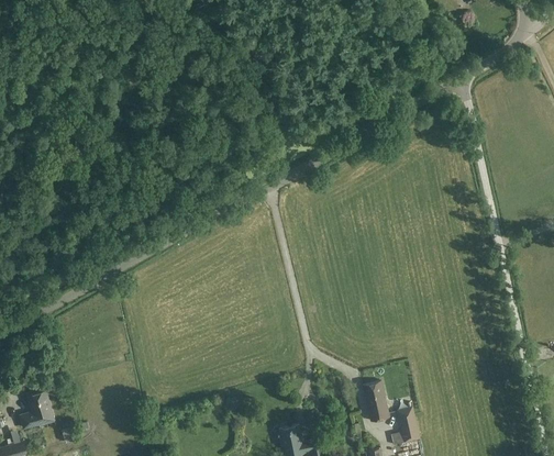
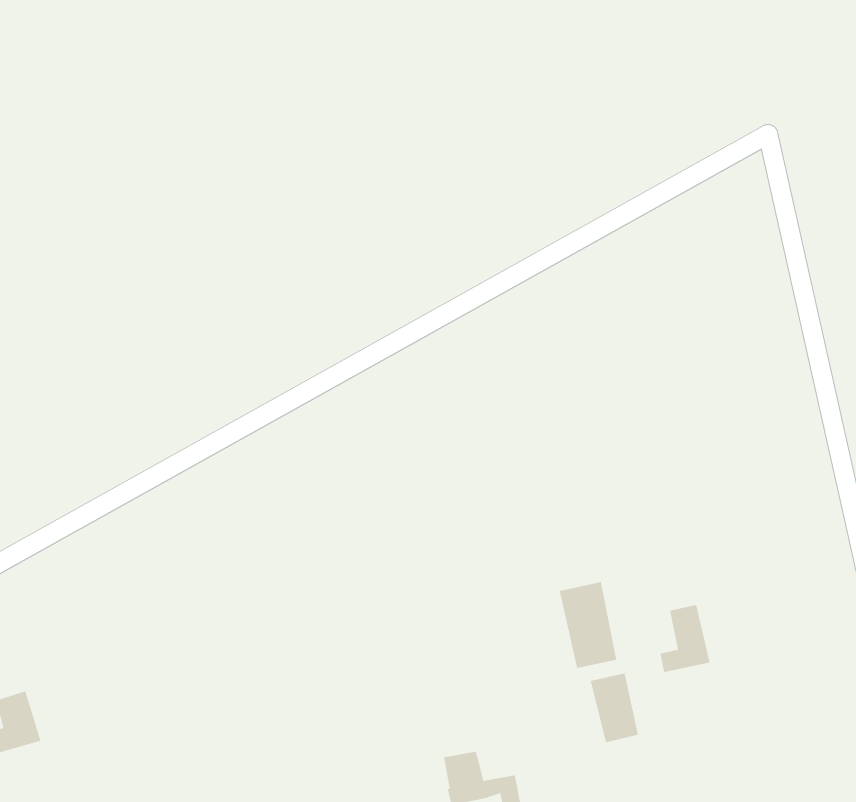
building: none -> [559,581,617,669]
building: [391,405,420,444] -> [659,604,710,673]

